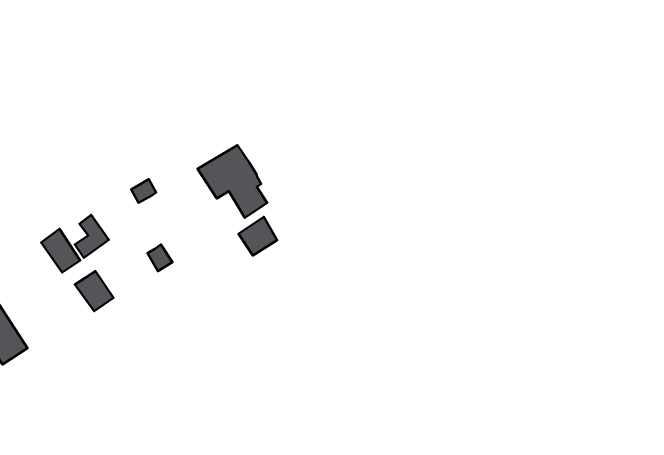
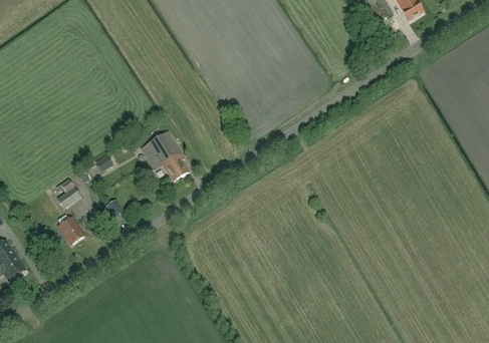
building: [239,217,277,256] -> none
building: [41,229,80,272] -> none

